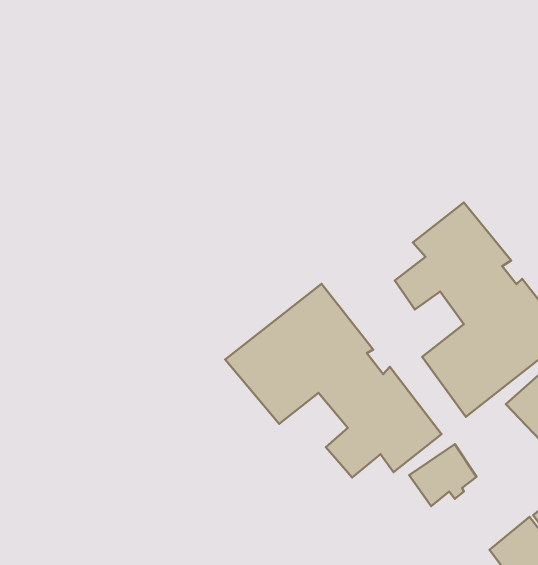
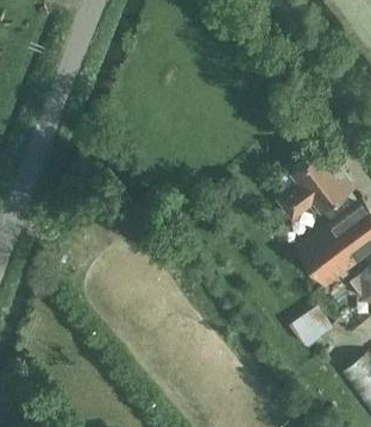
building: [225,284,442,477] -> none

